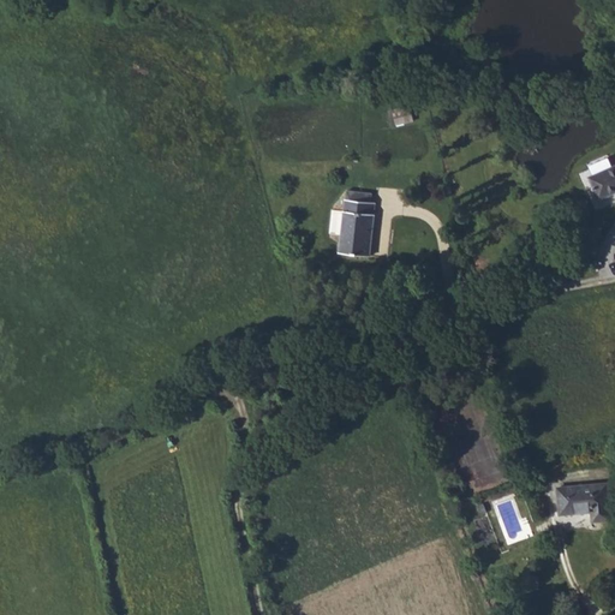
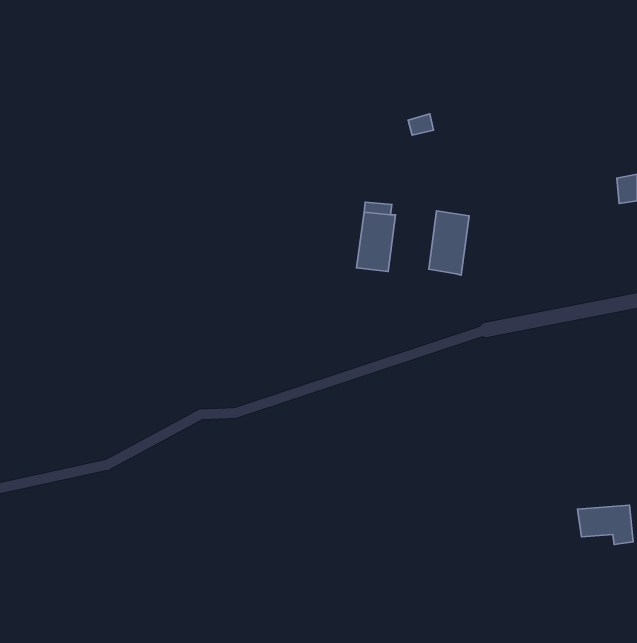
building: none -> [429,211,469,275]

